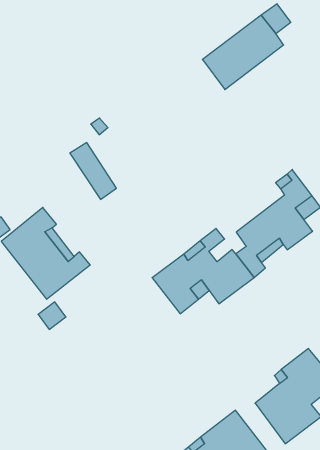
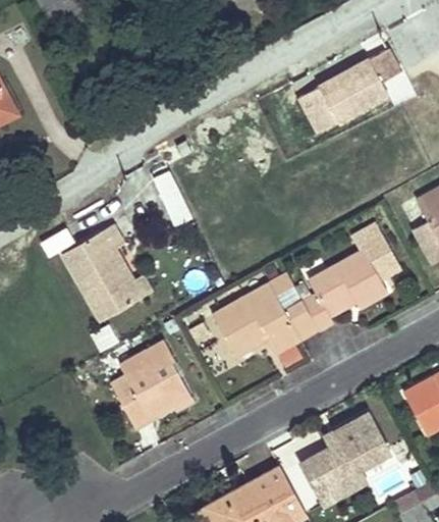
building: none -> [111,342,190,425]

